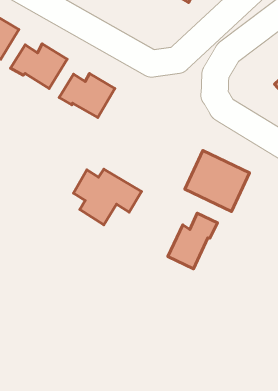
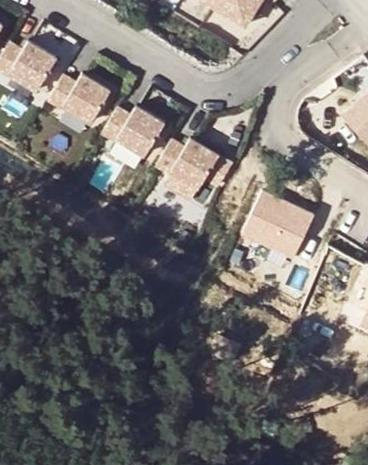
building: [73,169,142,225] -> [156,138,232,200]
building: [168,213,218,269] -> none

